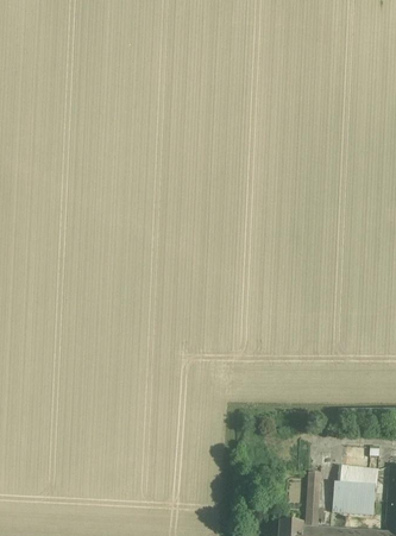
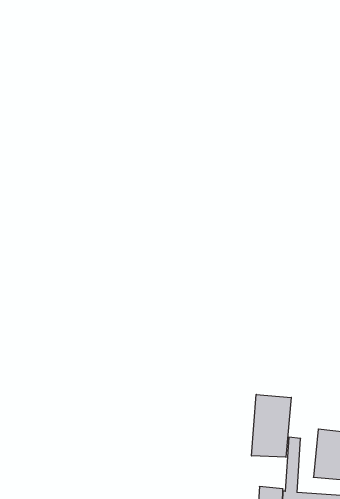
building: none -> [252,394,291,457]

